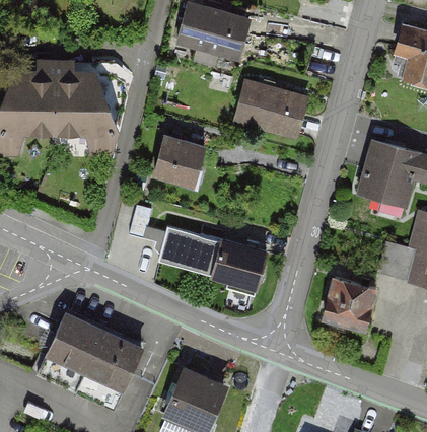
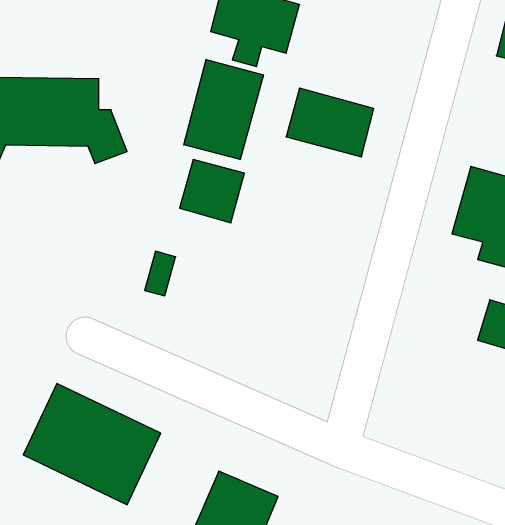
building: none -> [184,59,263,160]
building: [159,226,267,290] -> none
building: [319,277,380,338] -> none

